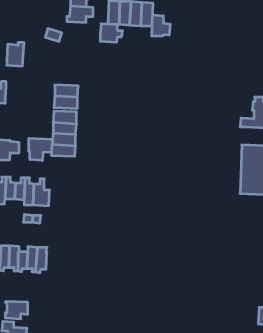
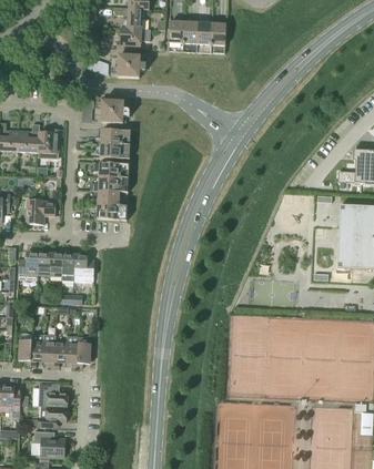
building: [152,15,170,36] -> none
building: [100,24,123,42] -> [117,54,145,78]
building: [7,43,24,66] -> [37,129,59,159]
building: none -> [100,100,129,123]
building: [29,138,53,161] -> none
building: none -> [38,385,67,406]

